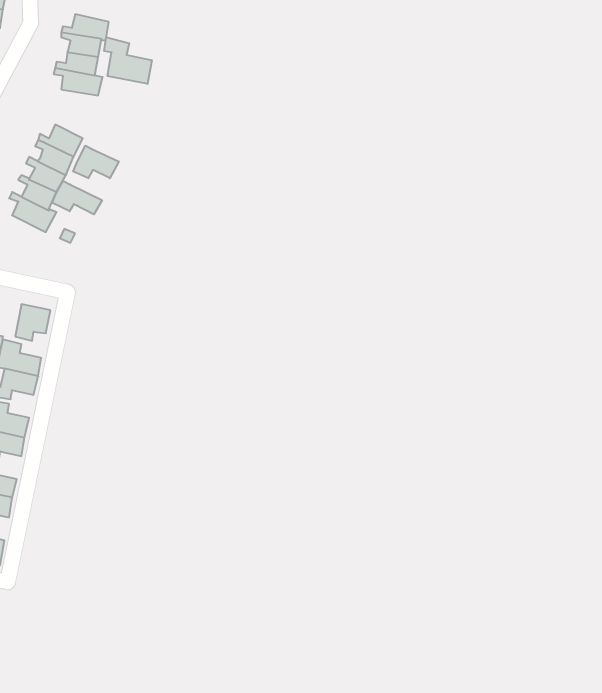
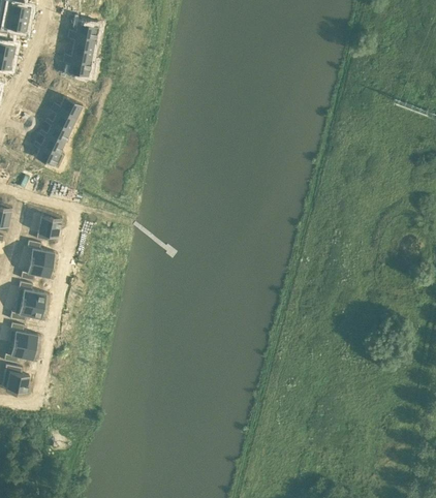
building: [104,37,152,84] -> none
building: [73,146,119,178] -> none
building: [52,181,102,214] -> none

